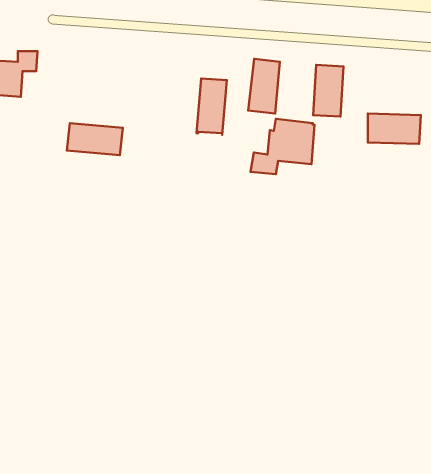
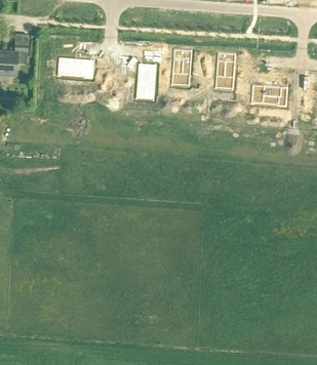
building: [250,119,315,174] -> none
building: [67,123,123,155] -> [55,56,93,78]

